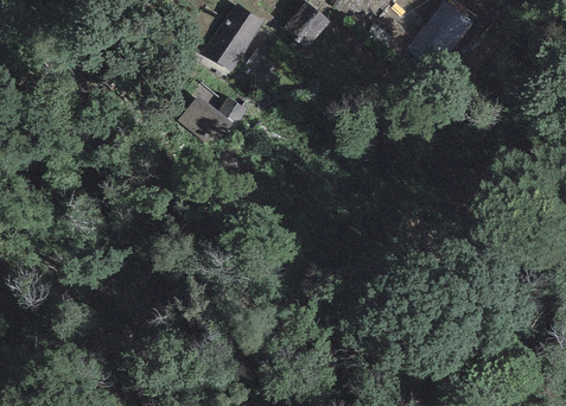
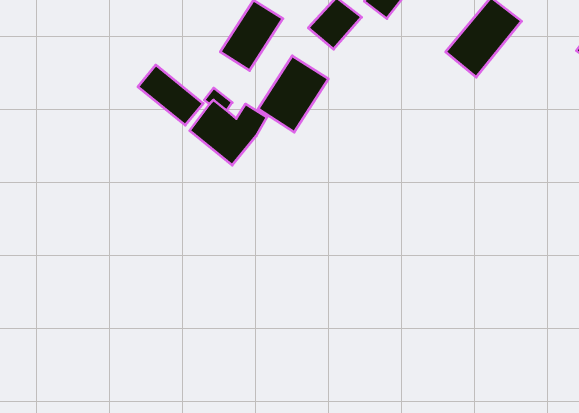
building: none -> [258,56,328,132]
building: none -> [138,65,203,125]

